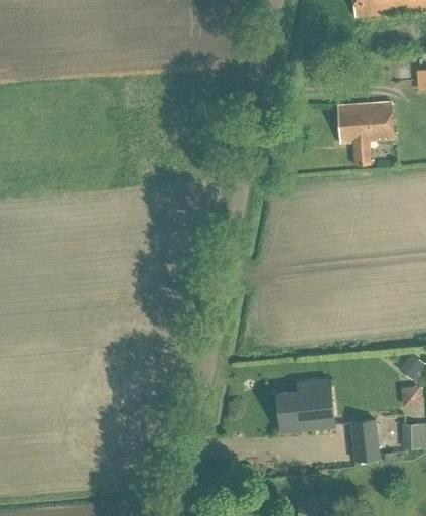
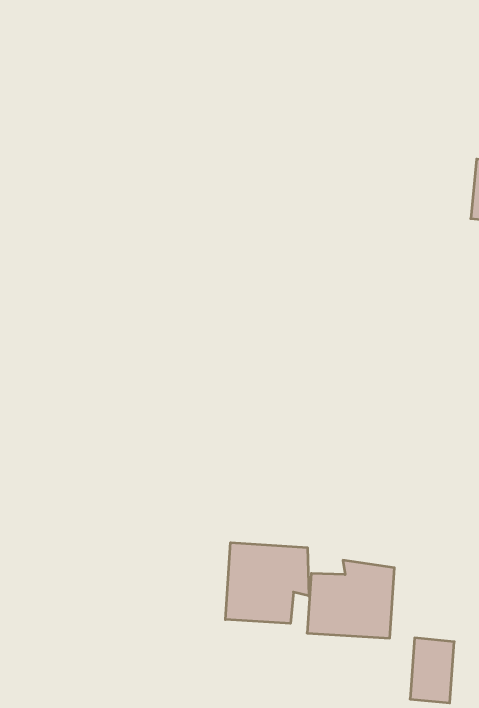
building: none -> [225,543,309,623]

